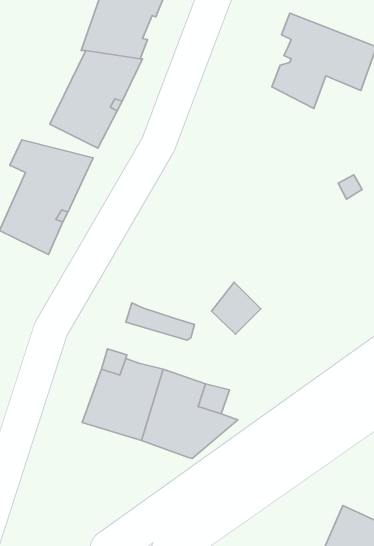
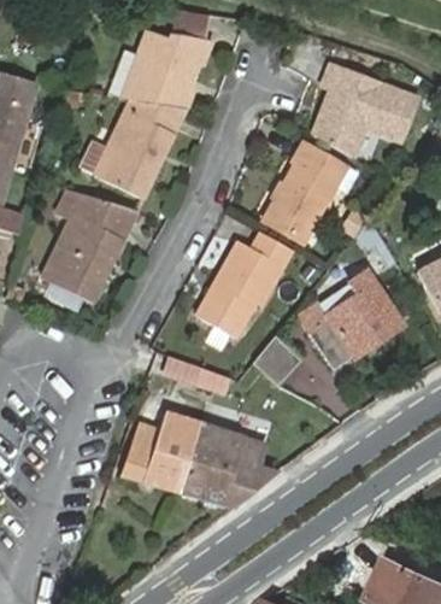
building: none -> [263,148,342,246]
building: none -> [195,234,290,341]
building: none -> [310,270,406,369]

